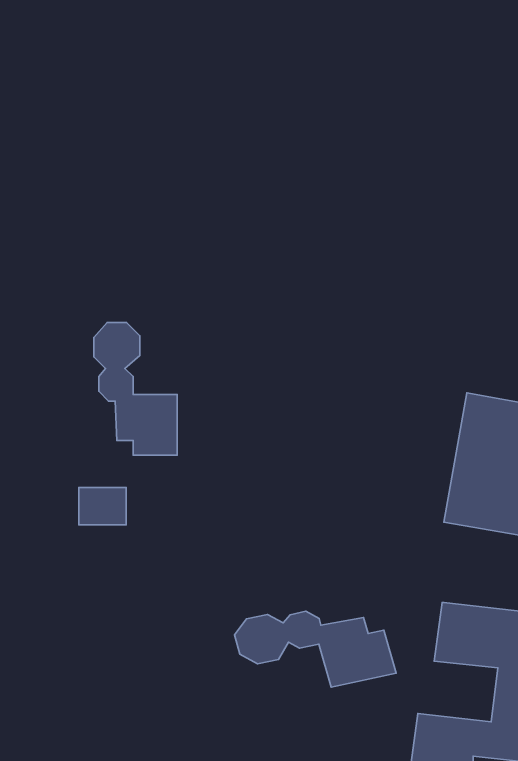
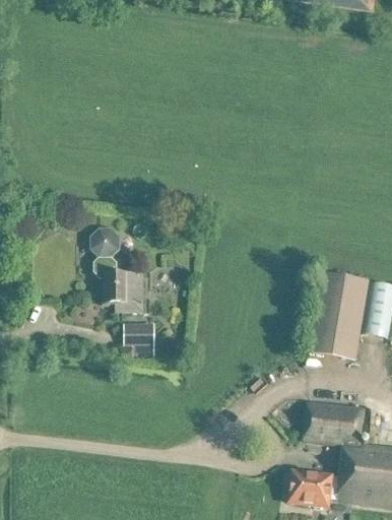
building: [79,487,126,525] -> [124,322,153,345]
building: [234,611,396,687] -> none

